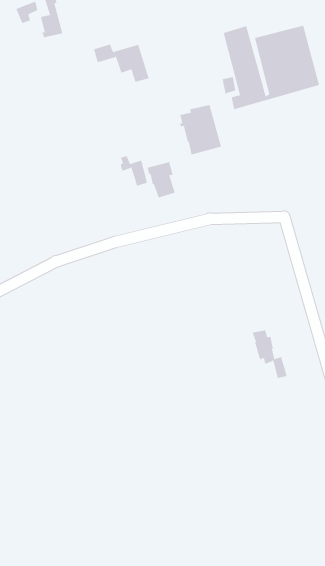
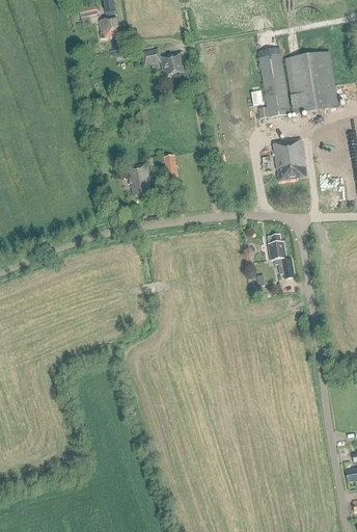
building: [179,104,222,155] -> [271,137,306,180]
building: [147,161,175,198] -> [127,162,149,193]
building: [252,330,287,378] -> [267,234,294,277]

